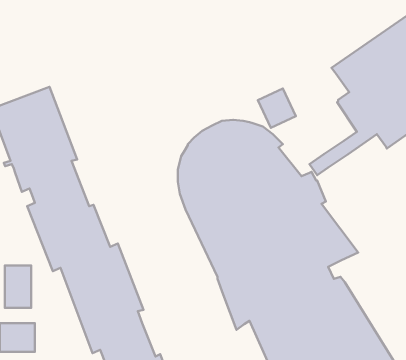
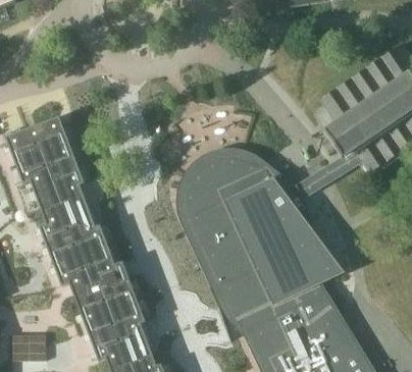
building: [258,89,296,128] -> none
building: [5,266,31,308] -> none

